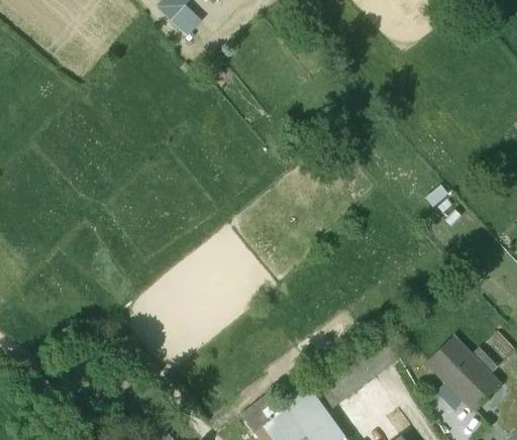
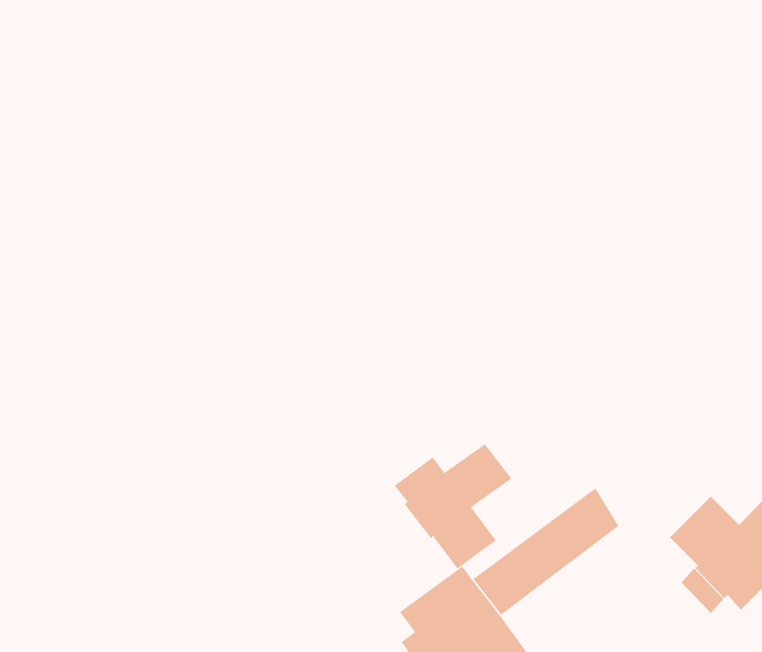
building: none -> [394,444,512,569]

